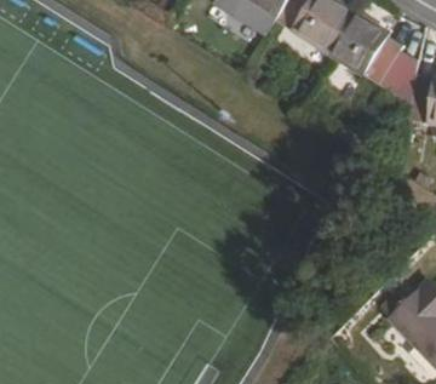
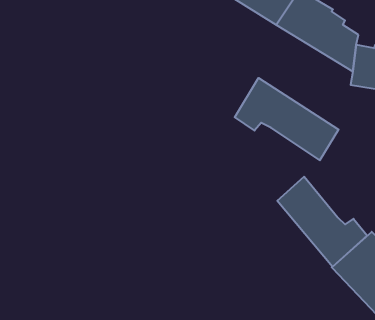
building: none -> [235,78,339,160]
building: none -> [277,177,367,267]

